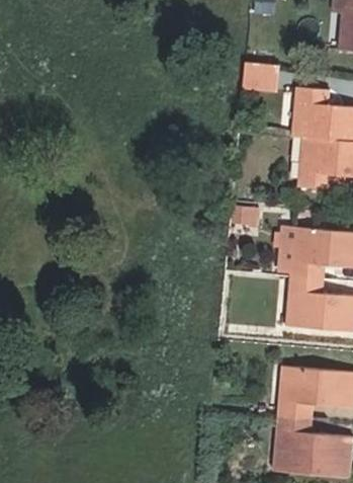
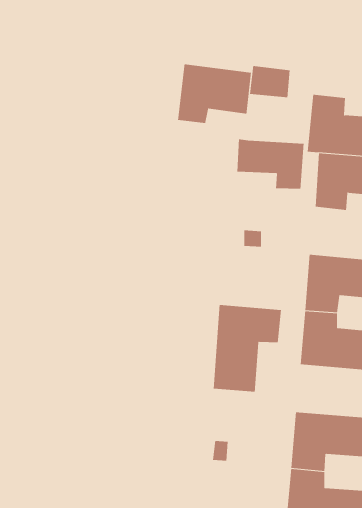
building: none -> [177,63,252,124]
building: none -> [237,139,304,189]
building: none -> [213,304,281,392]

